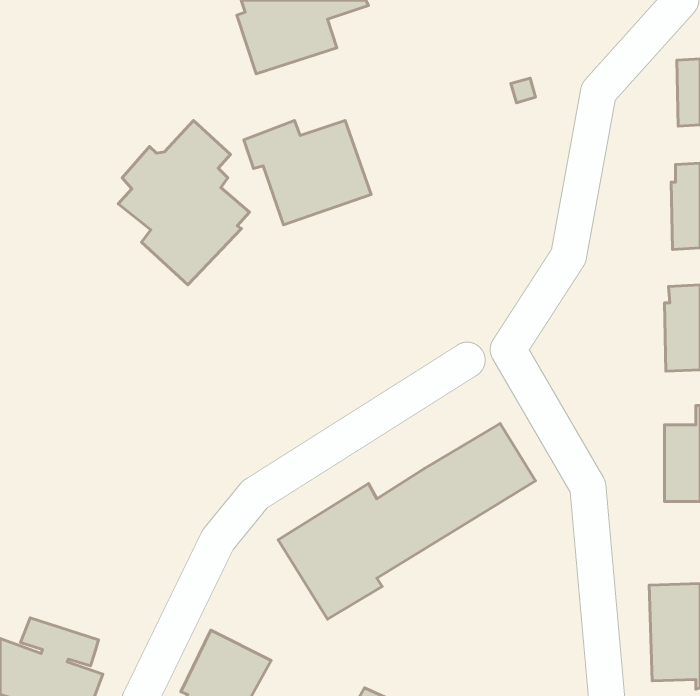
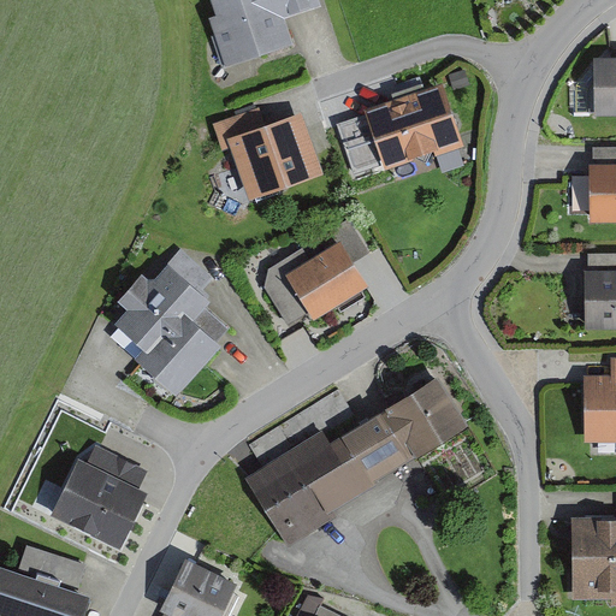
building: none -> [337,85,462,172]
building: [118,120,250,285] -> [114,250,230,395]
building: none -> [265,220,368,326]
building: none -> [49,449,149,550]

